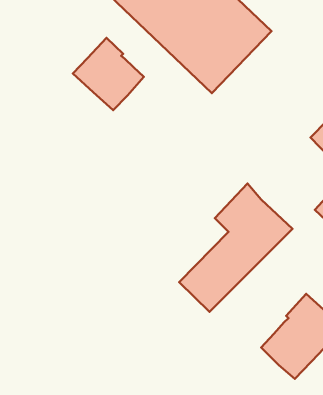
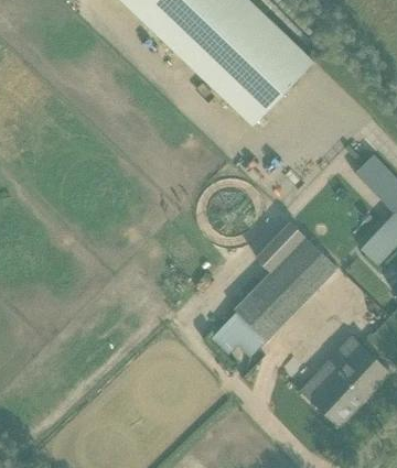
building: [73,38,144,110] -> none

